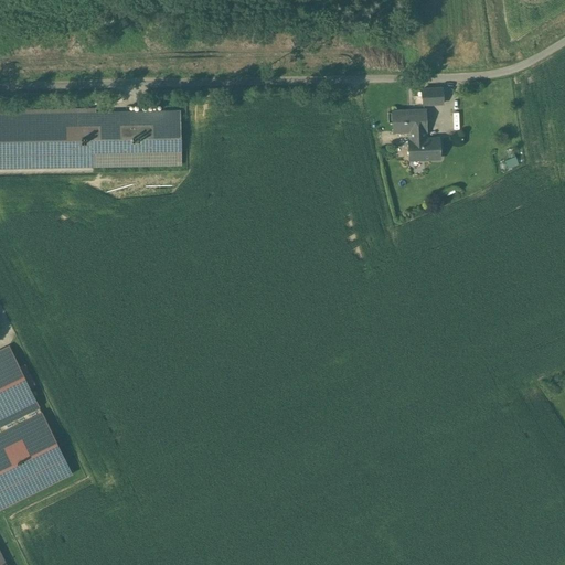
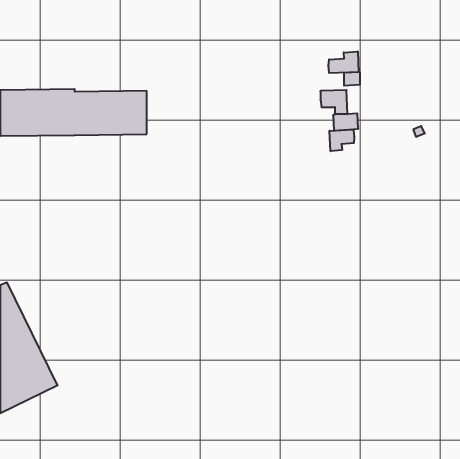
building: none -> [329,51,358,73]
building: none -> [329,129,354,151]

